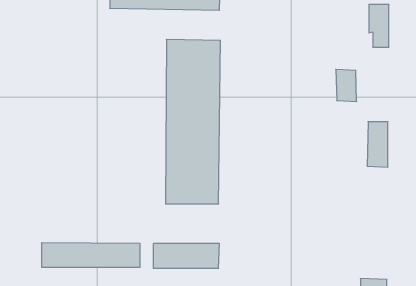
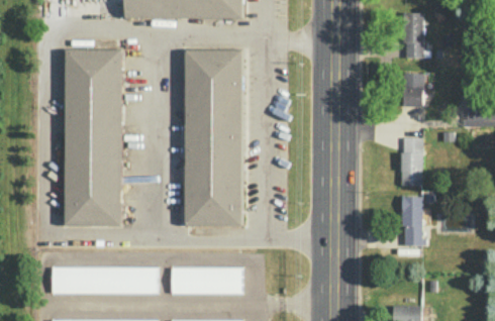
building: none -> [66,49,122,225]
building: [336,69,357,102] -> [402,72,424,106]
building: none -> [401,195,422,245]

